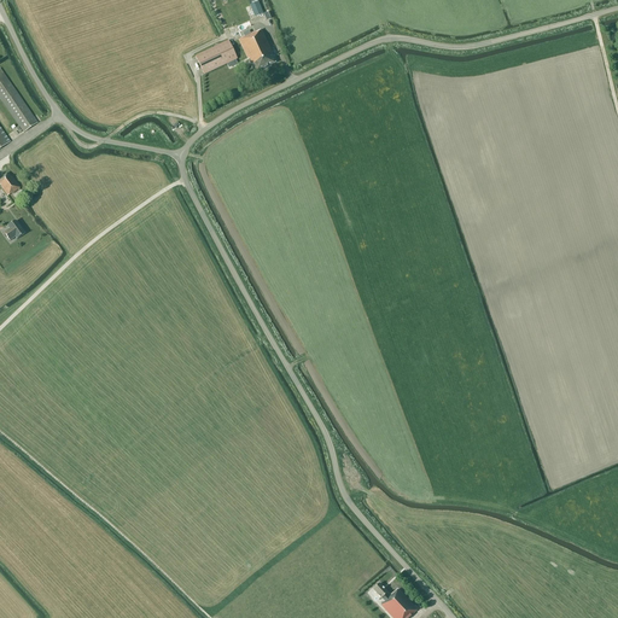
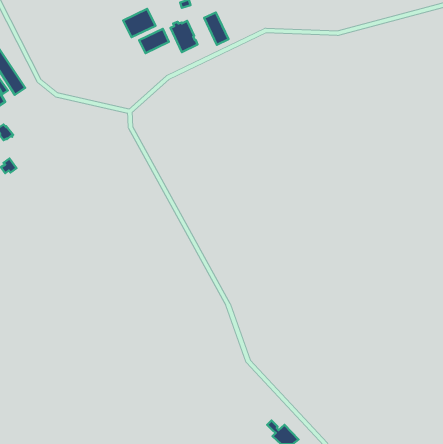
building: none -> [123,9,155,37]
building: none -> [204,12,228,45]

